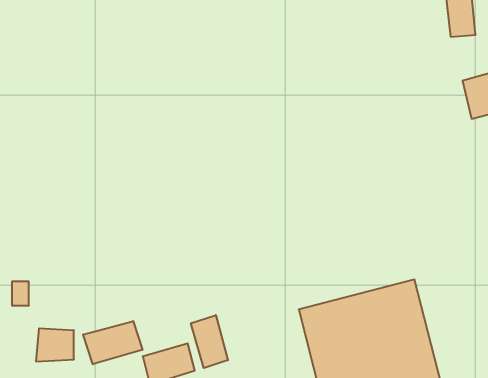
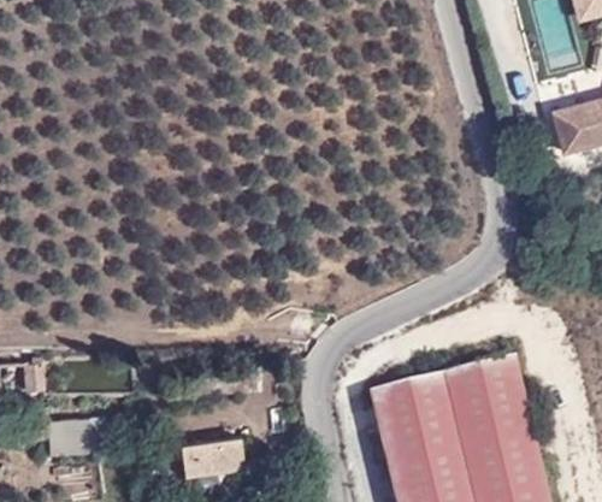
building: [191,315,228,368] -> none
building: [83,321,142,364] -> none

